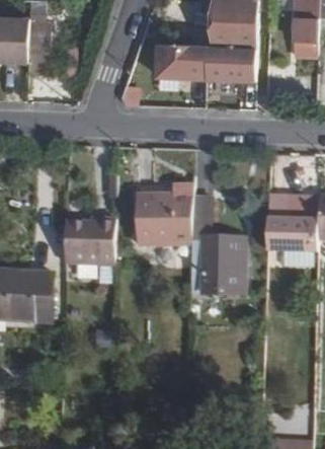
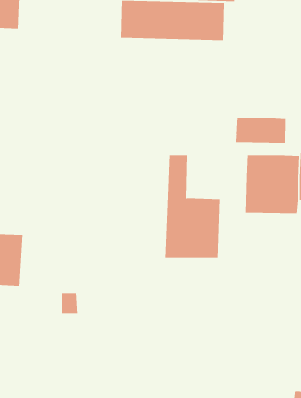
building: none -> [235,117,286,144]
building: [135,184,192,243] -> none
building: [63,227,114,273] -> none

